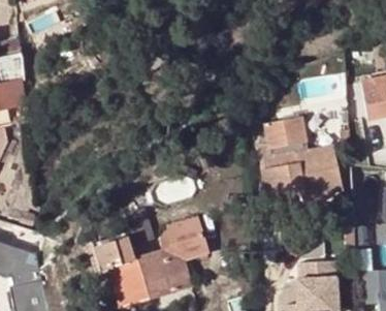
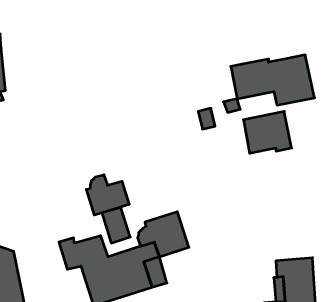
building: [259,147,342,196] -> [231,55,315,105]
building: none -> [86,175,129,215]

